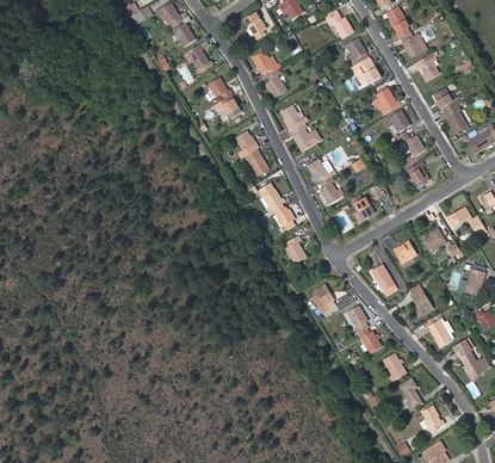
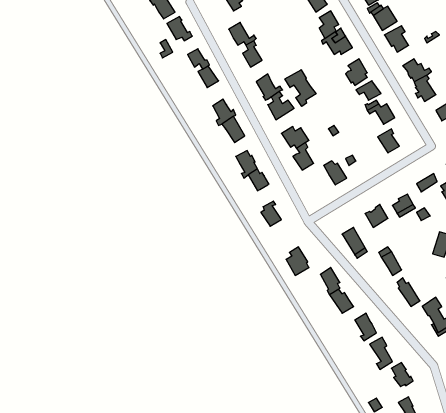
building: none -> [285,70,316,106]

